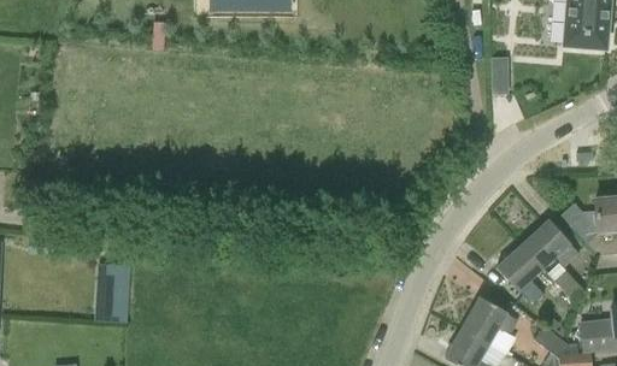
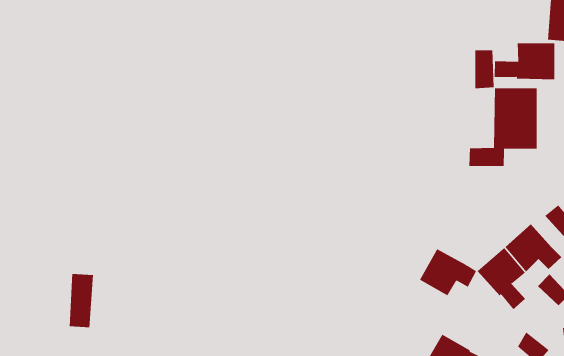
building: none -> [494,43,555,80]
building: none -> [469,88,537,167]
building: [463,297,518,343] -> [419,249,477,296]

